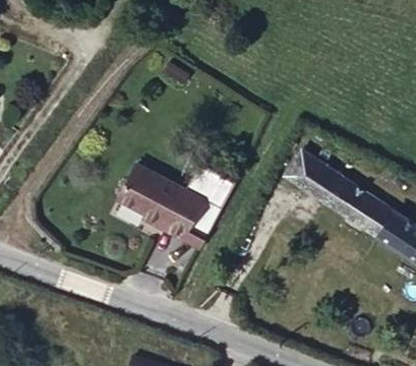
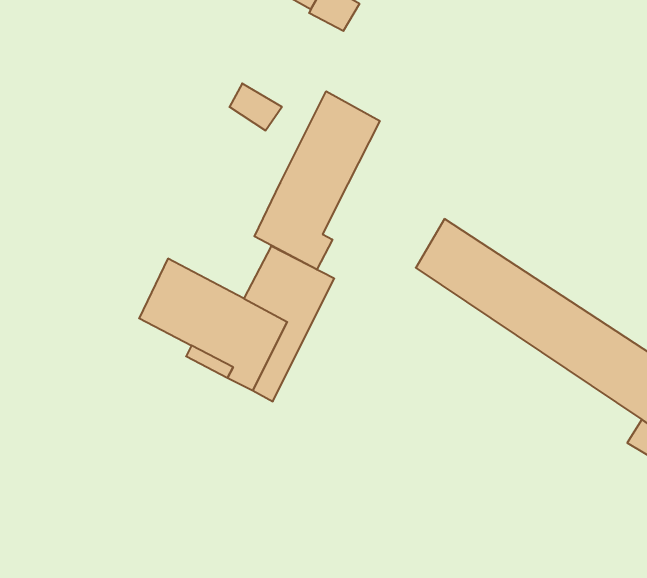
building: none -> [254,91,380,270]

